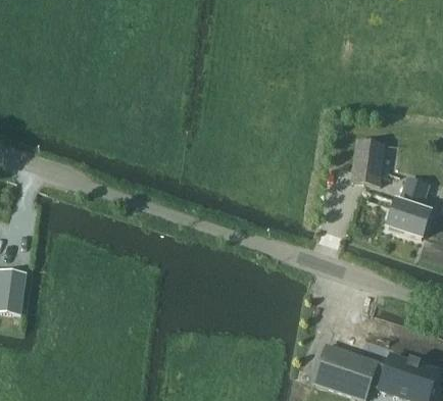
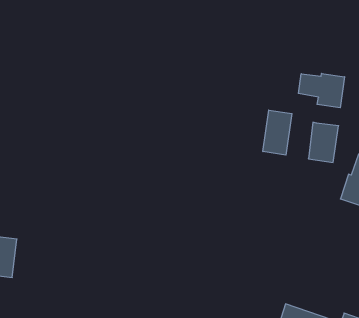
building: none -> [298,73,345,108]
building: none -> [263,110,292,155]

